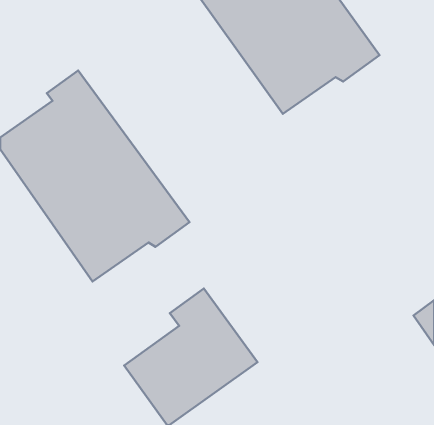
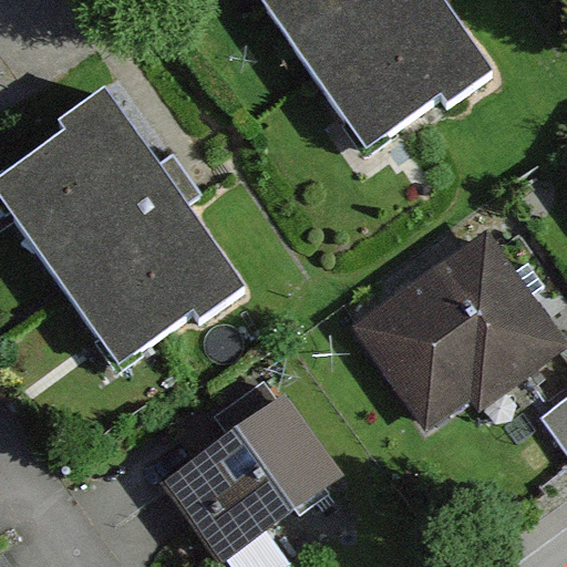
building: none -> [353,233,559,430]

